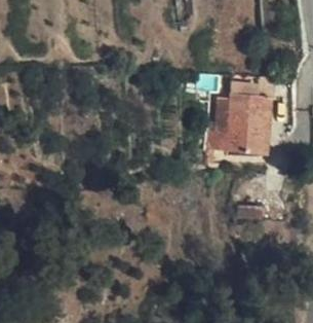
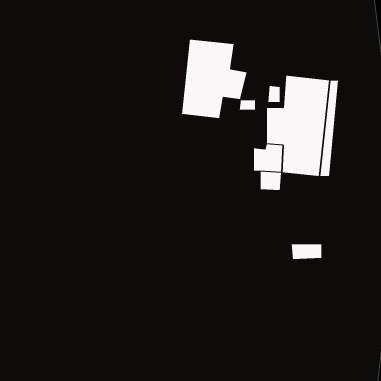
building: none -> [181,39,247,119]

